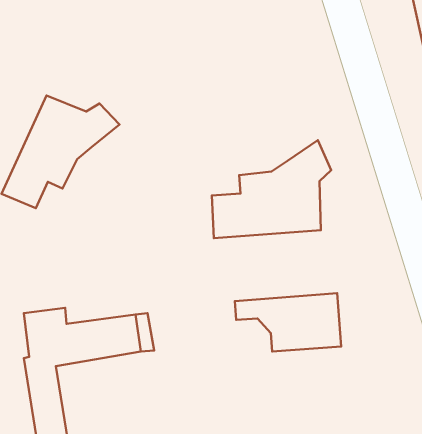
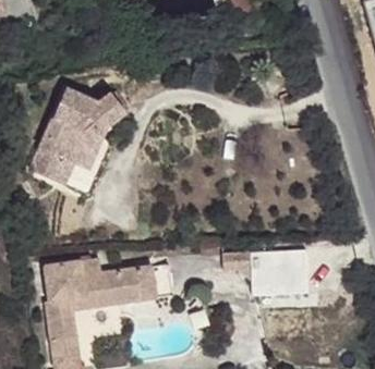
building: [212,140,331,238] -> none
building: none -> [57,128,109,192]

